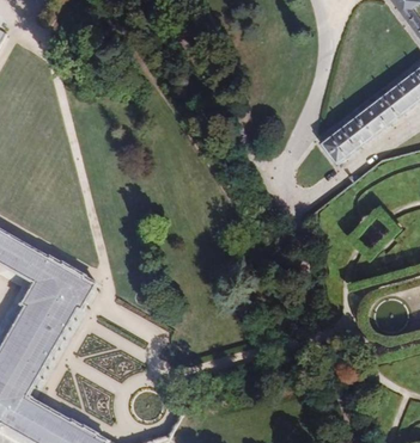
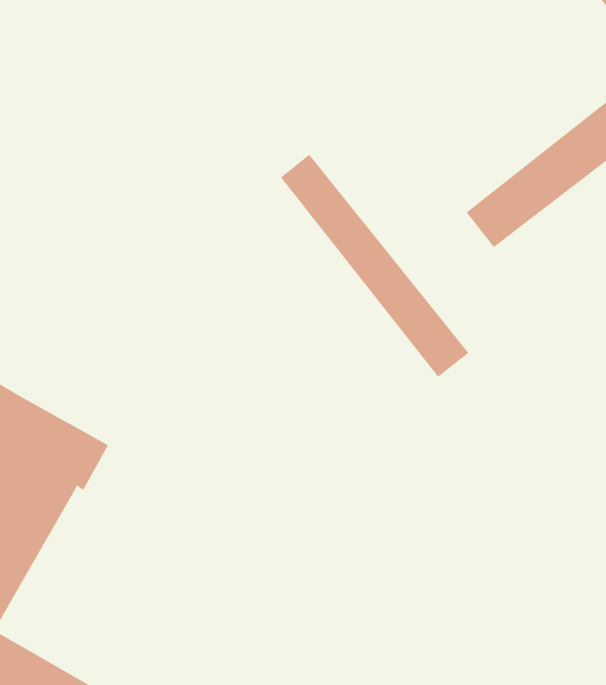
building: none -> [280,154,469,377]

